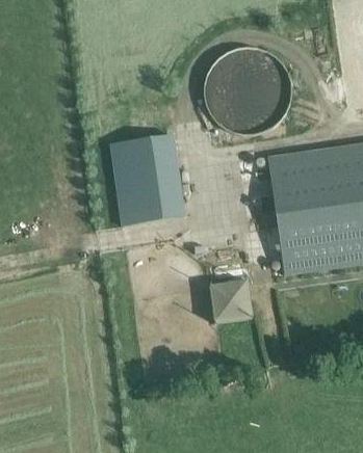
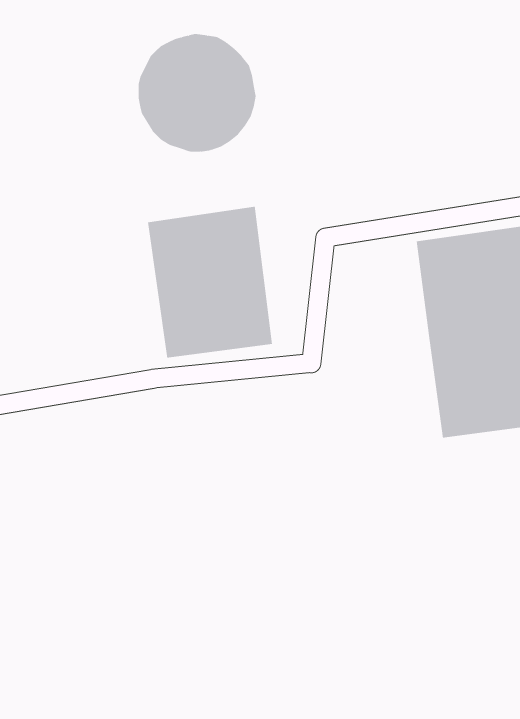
building: [206,51,277,122] -> [138,33,256,152]
building: [212,281,253,319] -> none

